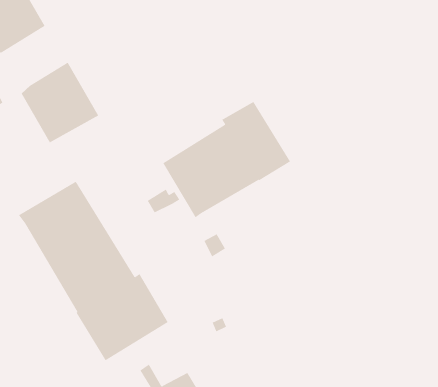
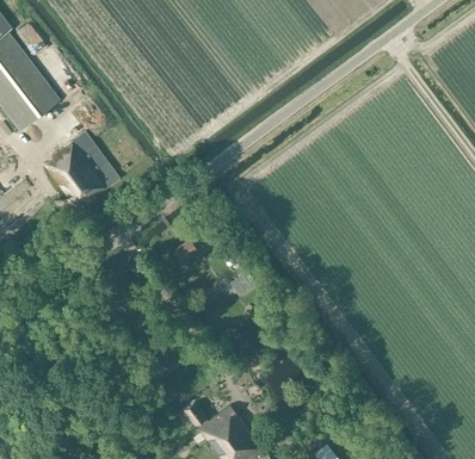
building: [162,101,291,218] -> none
building: [18,181,168,361] -> none

